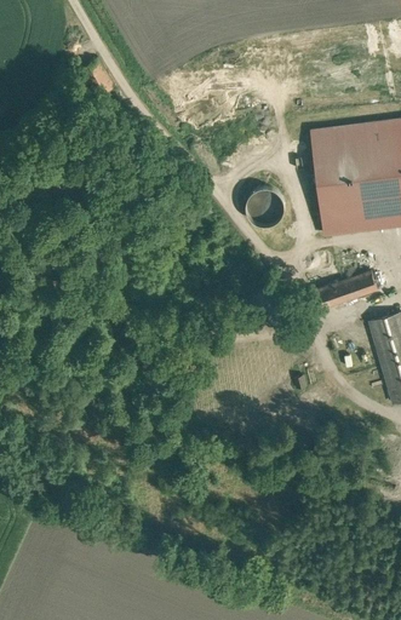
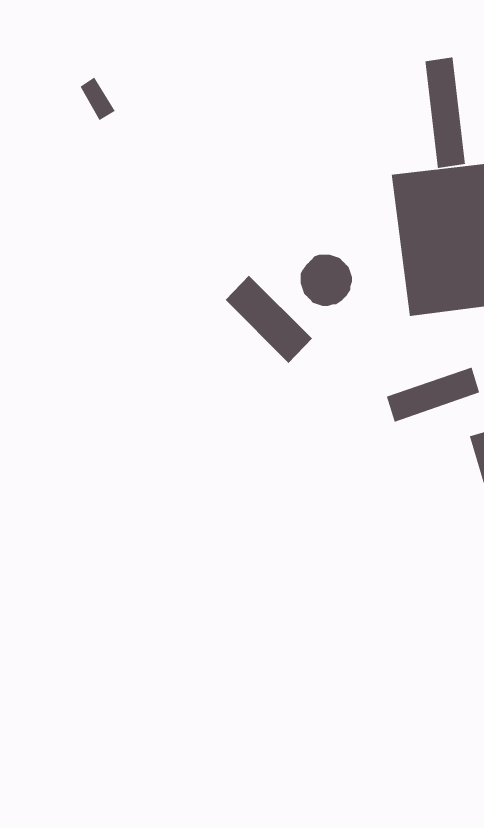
building: none -> [424,56,466,169]
building: none -> [225,275,313,364]

